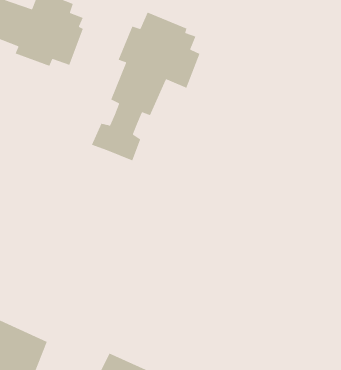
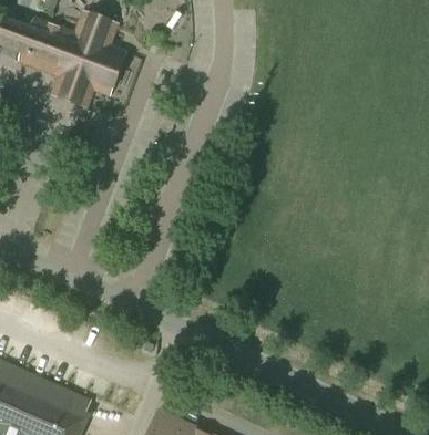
building: [91,12,201,162] -> none

